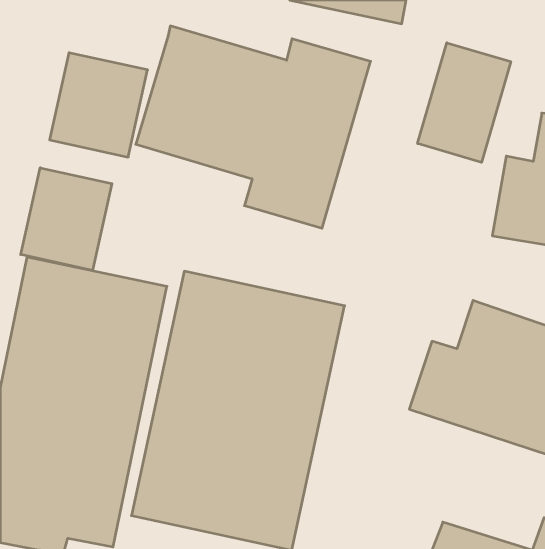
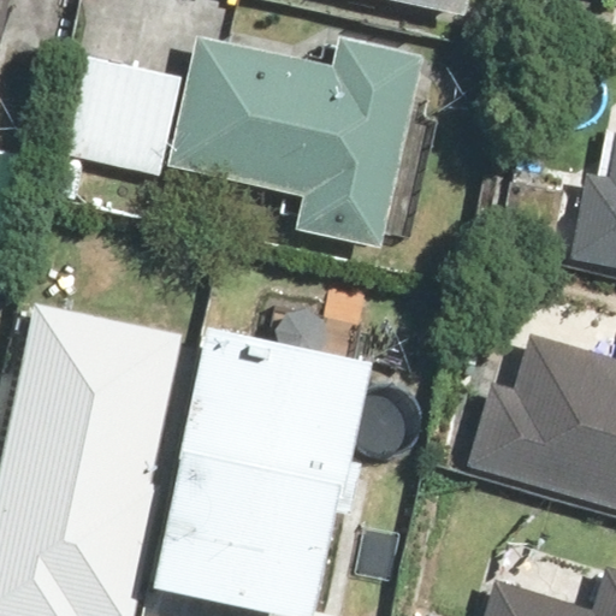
building: [418,43,511,162] -> none
building: [21,168,112,270] -> none

